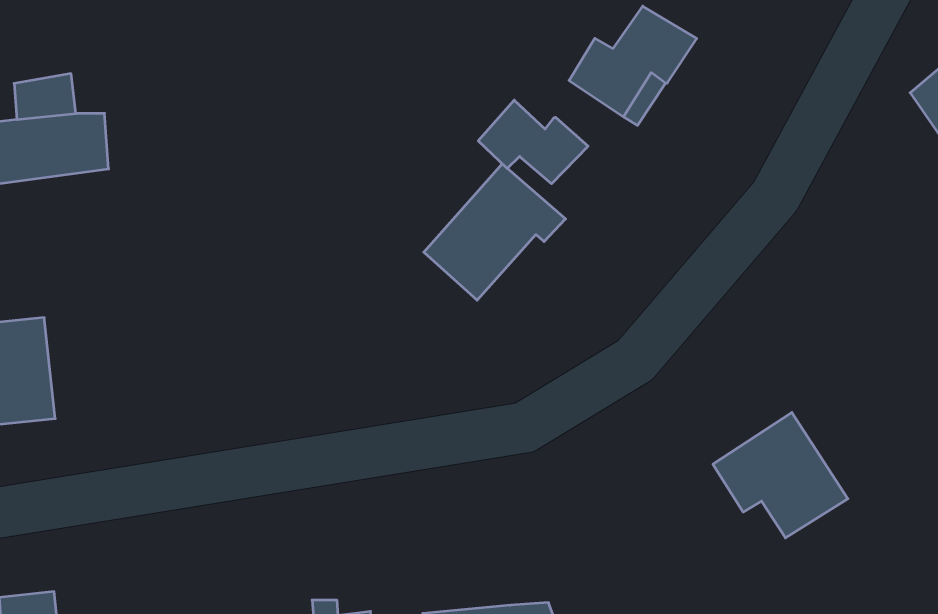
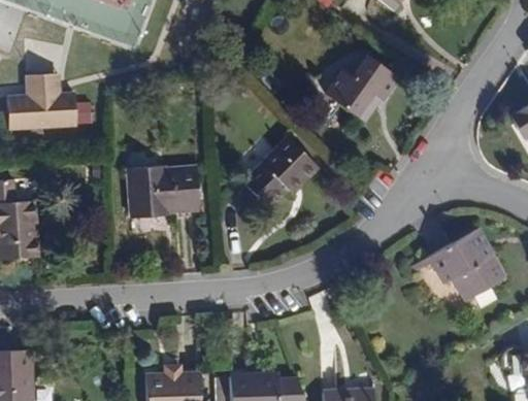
building: [478,100,588,184] -> none
building: none -> [128,163,196,213]
building: [713,412,848,538] -> [434,226,505,293]

